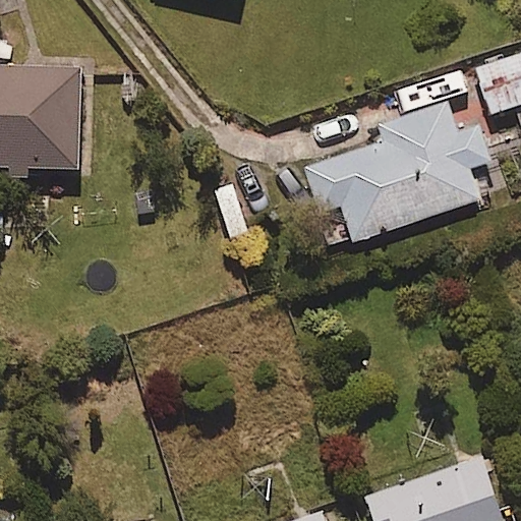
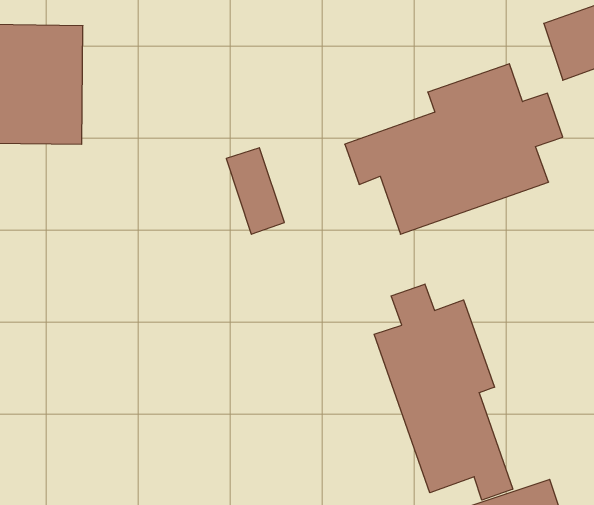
building: none -> [374,284,513,500]

